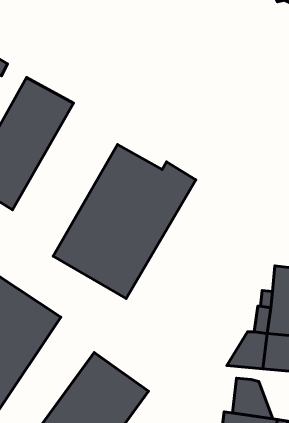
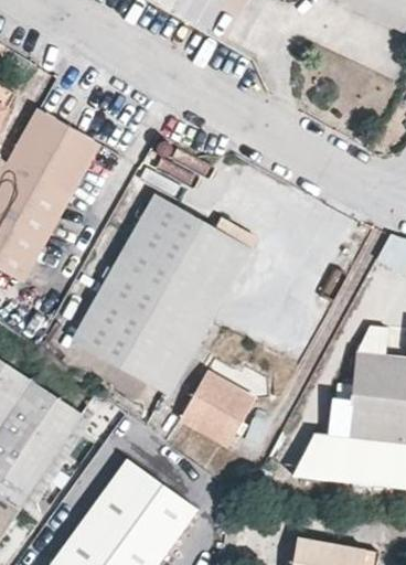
building: none -> [178,370,253,445]
building: [232,378,273,419] -> none

